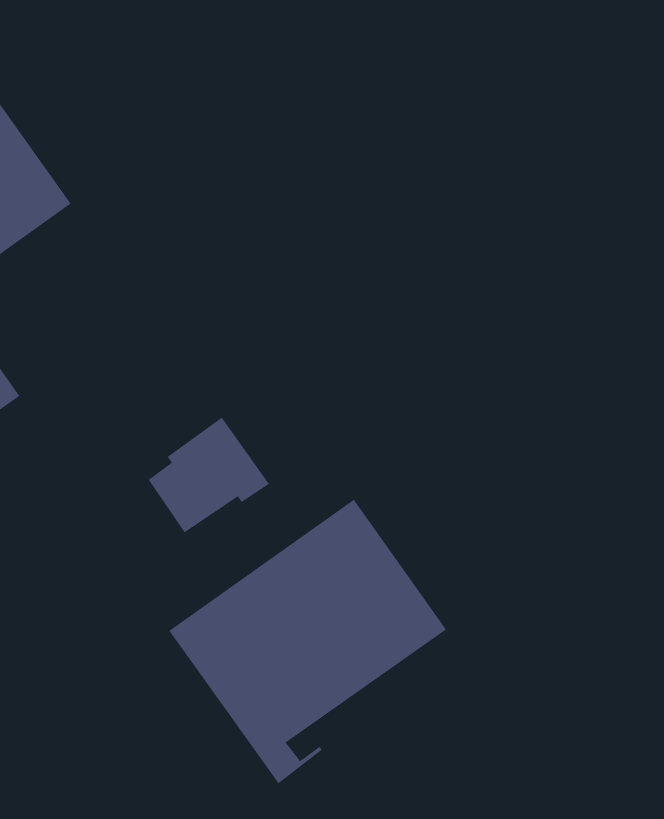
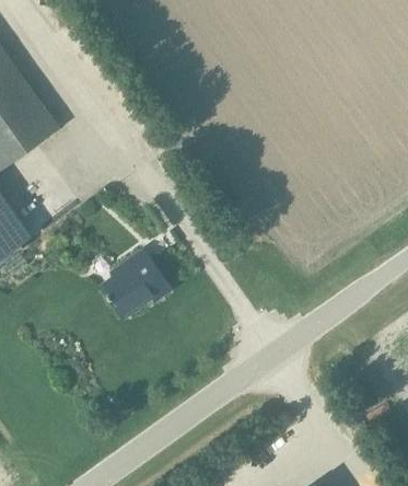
building: [169,499,447,784] -> none

